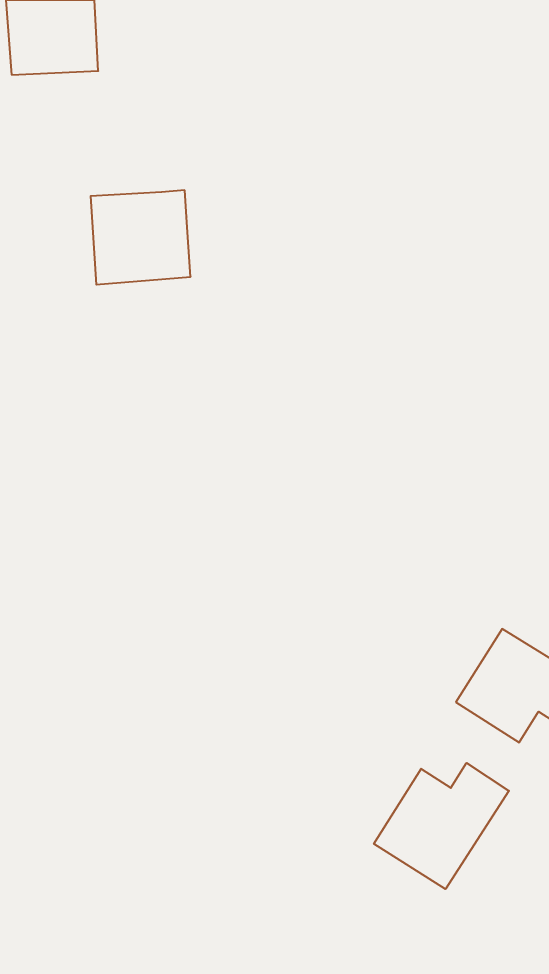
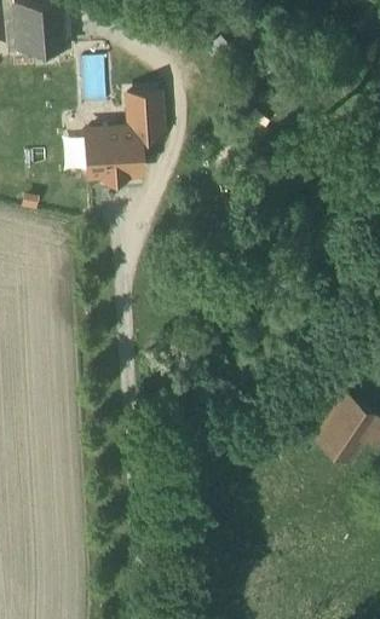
building: none -> [125,89,165,138]
building: [374,763,509,889] -> none

